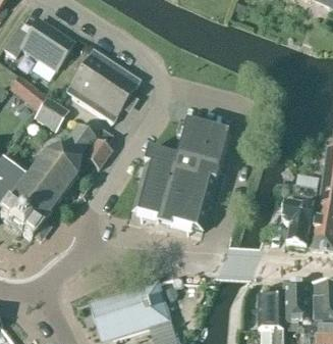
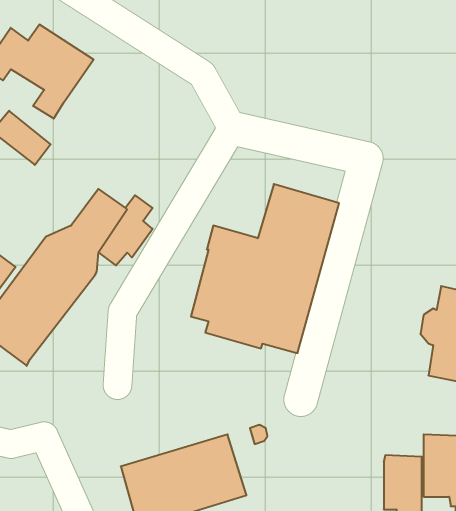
building: [65,48,140,120] -> none
building: [33,94,64,130] -> none

